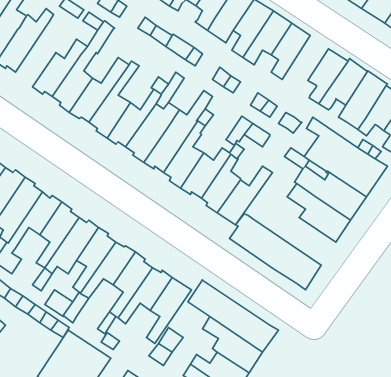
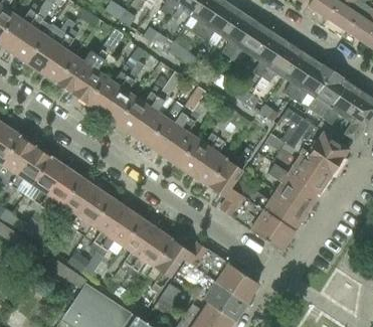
building: none -> [42,28,76,83]
building: none -> [261,40,300,81]
building: none -> [237,182,306,229]

